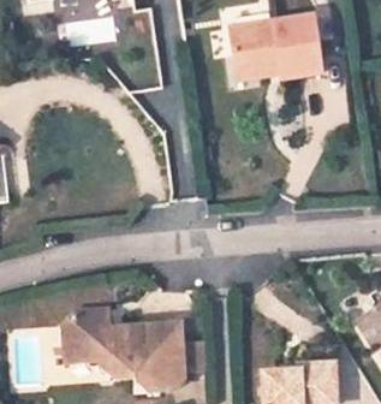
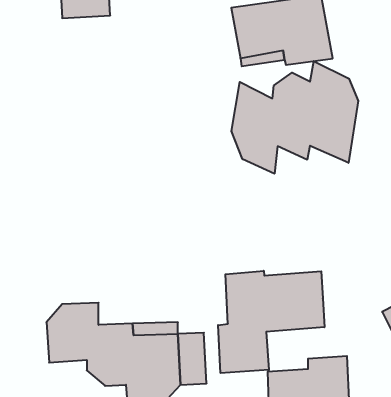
building: none -> [232,61,358,174]
building: none -> [218,271,324,373]

